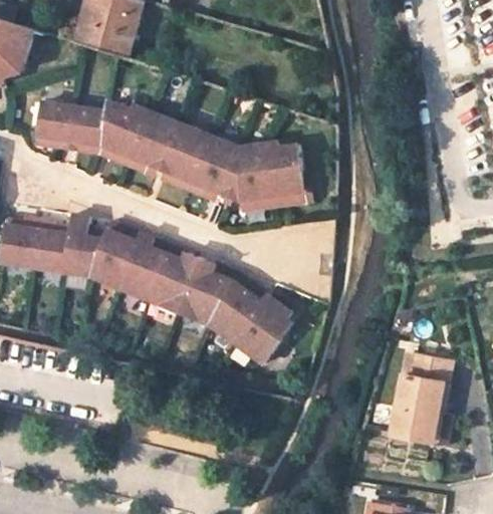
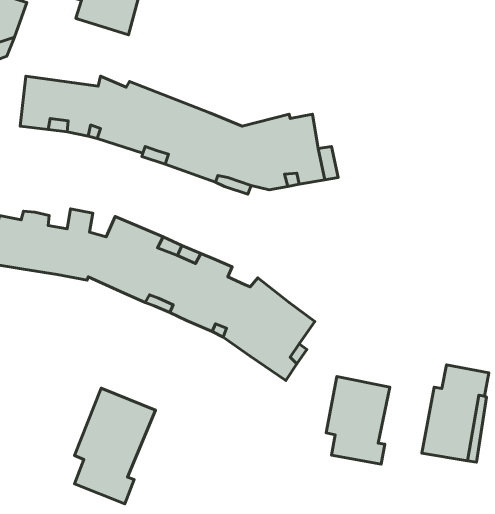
building: none -> [326,377,390,464]
building: none -> [74,388,155,504]

